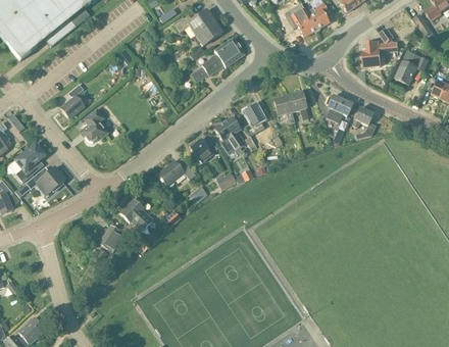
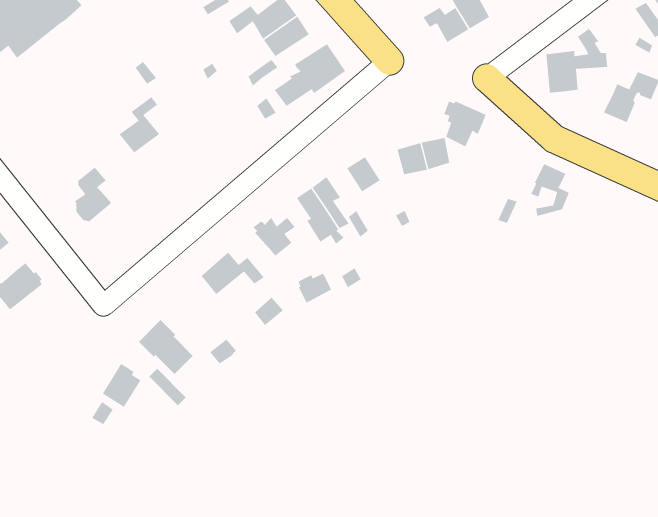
building: [60,84,85,117] -> [118,96,160,153]
building: [326,95,351,122] -> [443,101,487,147]

